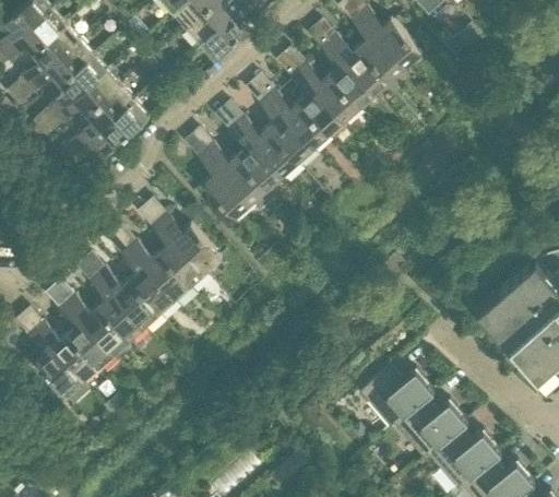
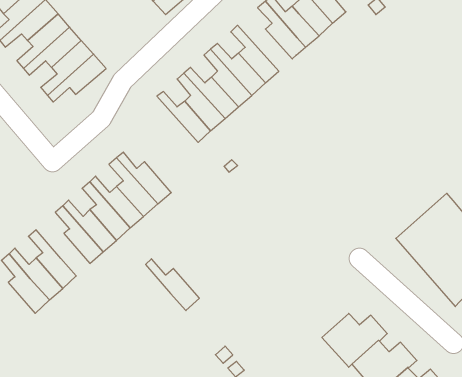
building: [296,62,358,121] -> none
building: [195,150,251,217] -> none
building: [67,295,128,354] -> [146,259,199,311]
building: [358,365,432,427] -> none

